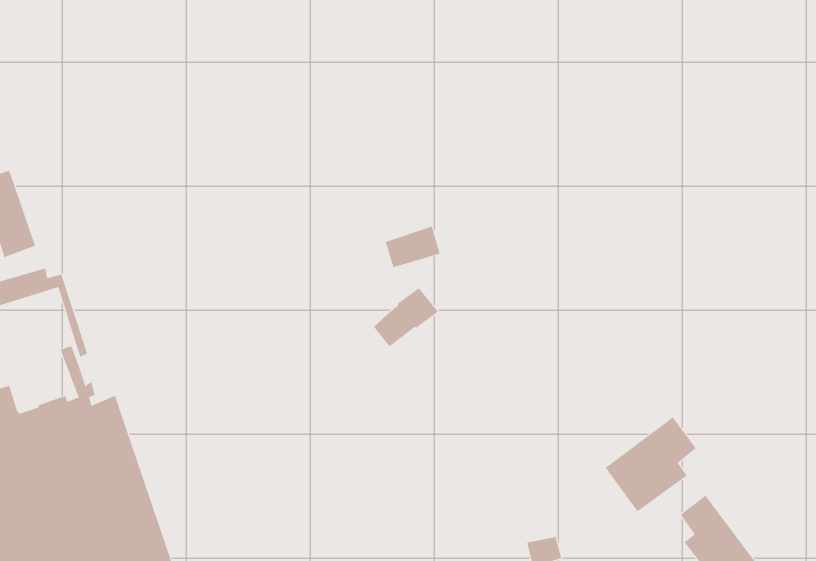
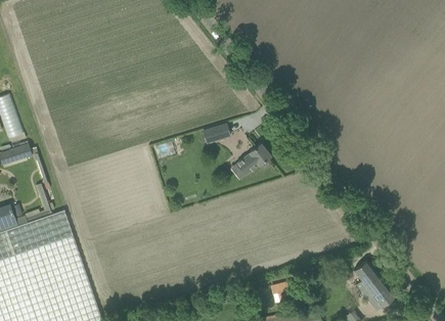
building: [373,287,439,347] -> [236,144,270,175]
building: [605,416,696,512] -> none

